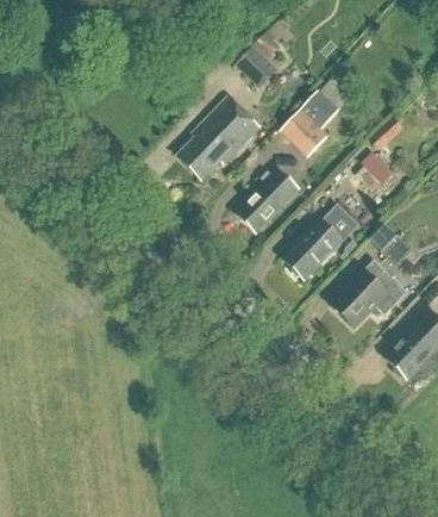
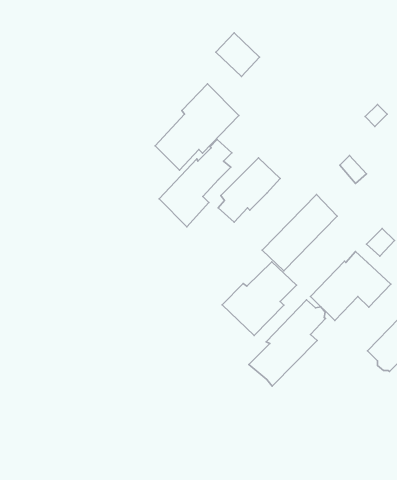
building: [281,71,352,157] -> [159,139,232,227]
building: none -> [222,262,297,335]
building: none -> [249,300,325,386]

